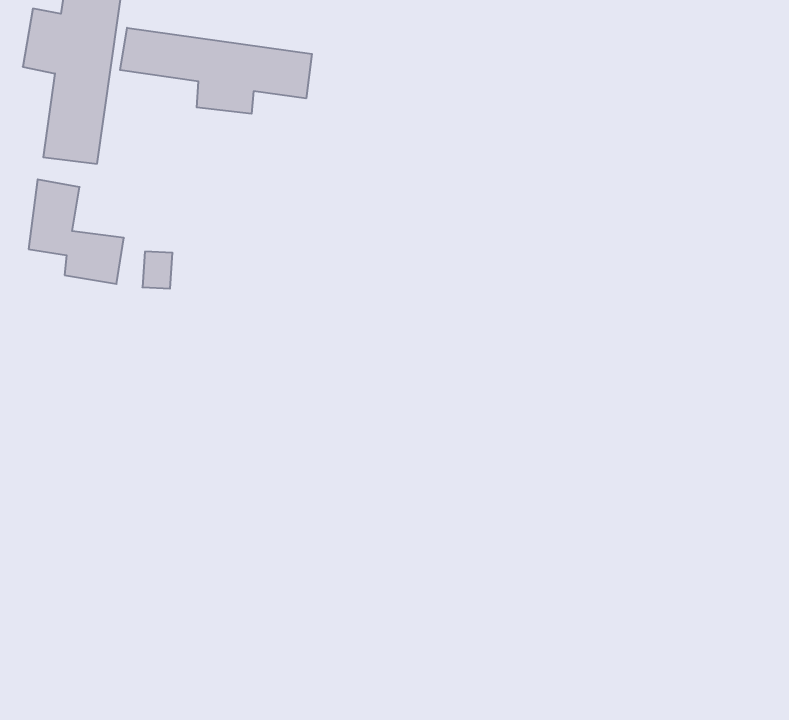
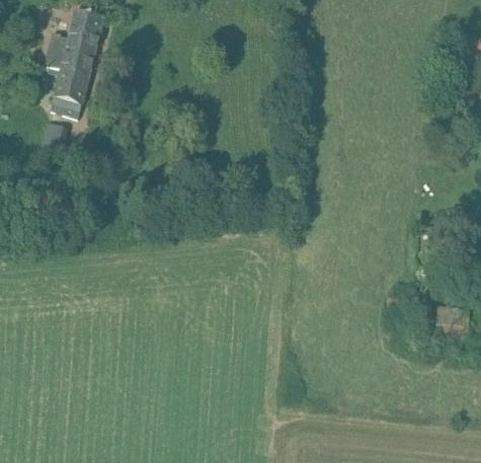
building: [120,28,312,114] -> none

